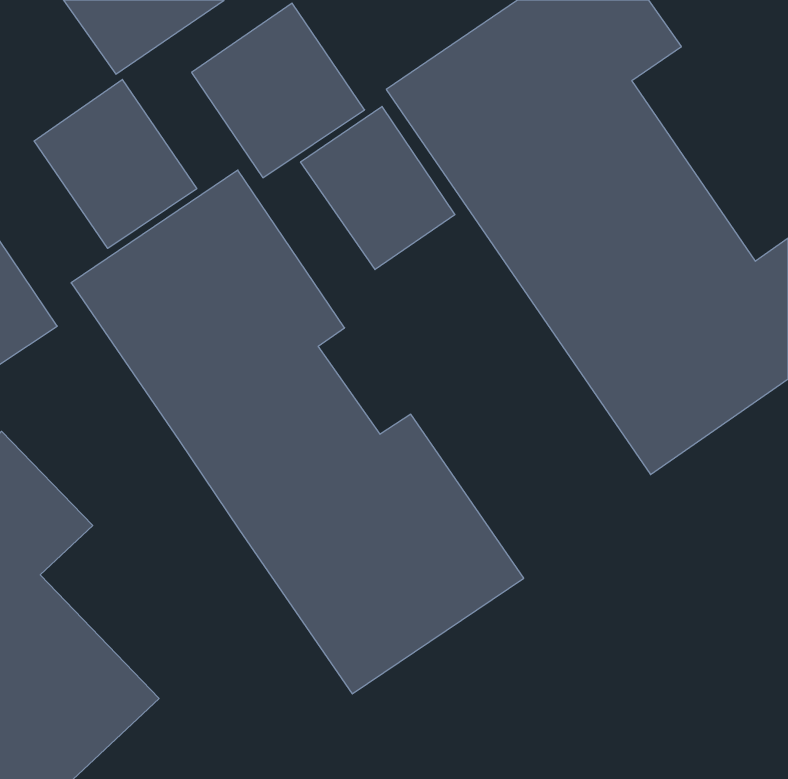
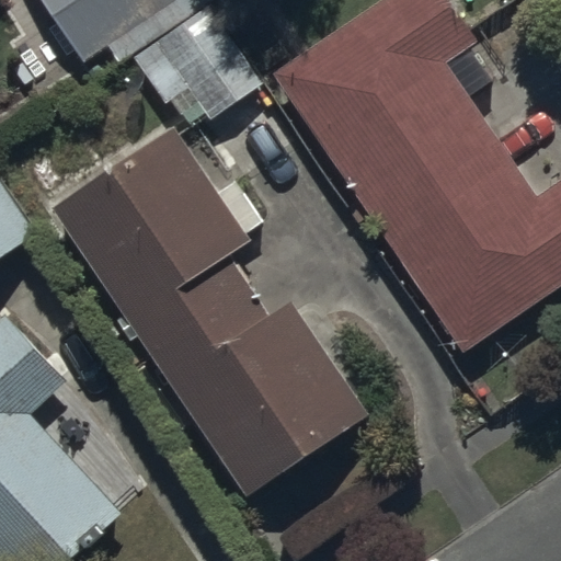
building: [34,79,197,248] -> none
building: [301,106,455,270] -> none

